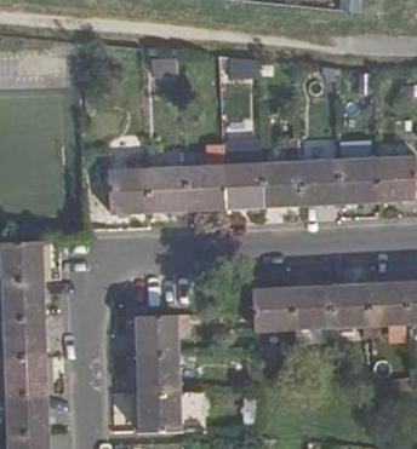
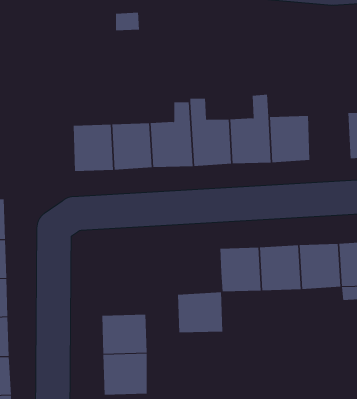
building: [338,156,378,202] -> none
building: [135,313,179,353] -> [177,292,223,333]

